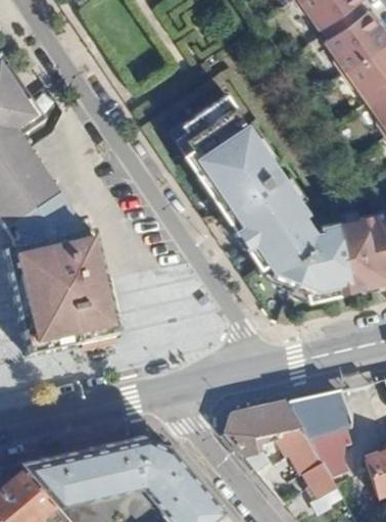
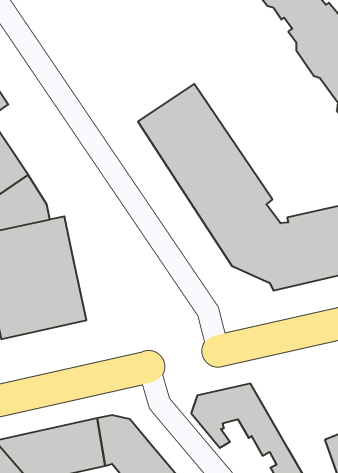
building: [288,391,347,471] -> none

